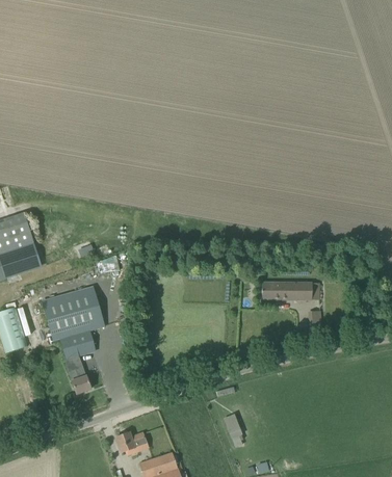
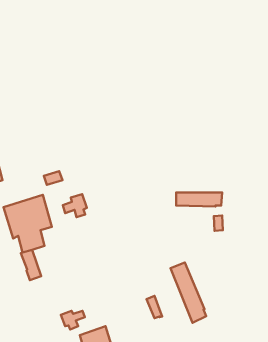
building: none -> [63,194,87,217]
building: none -> [171,263,206,323]

